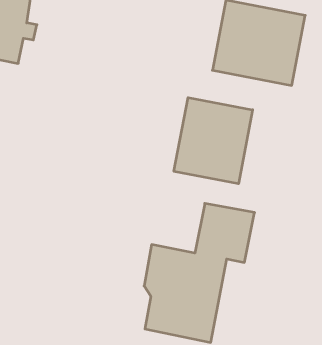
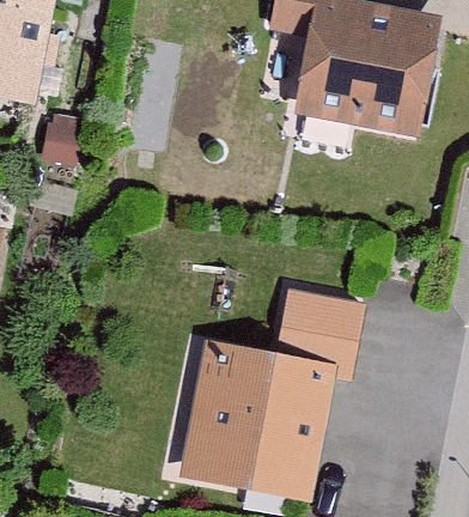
building: [174,98,253,184] -> none

